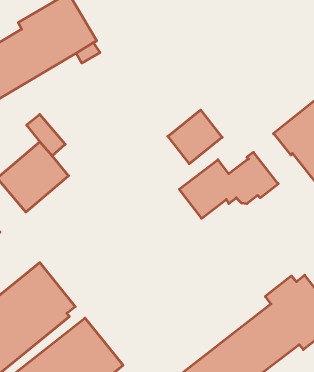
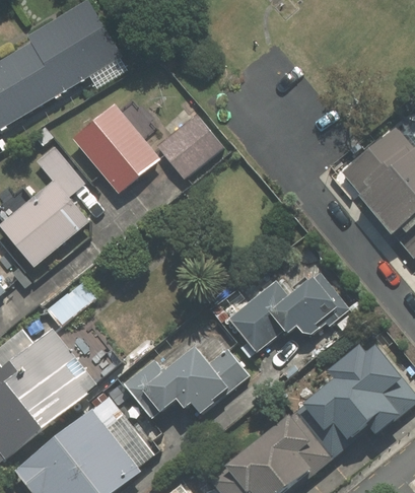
building: none -> [71,103,158,194]
building: [168,110,222,164] -> [155,114,222,180]
building: [179,152,278,218] -> [227,271,349,352]
building: none -> [121,345,249,421]

